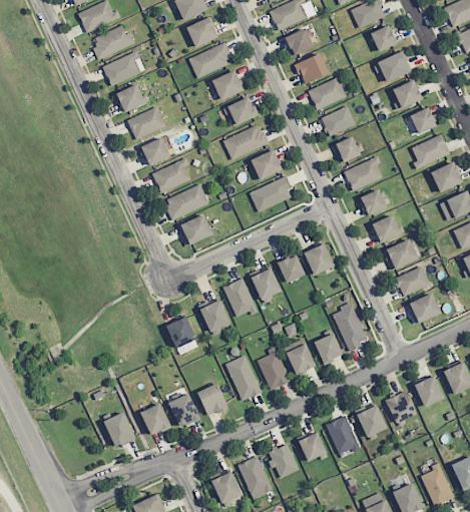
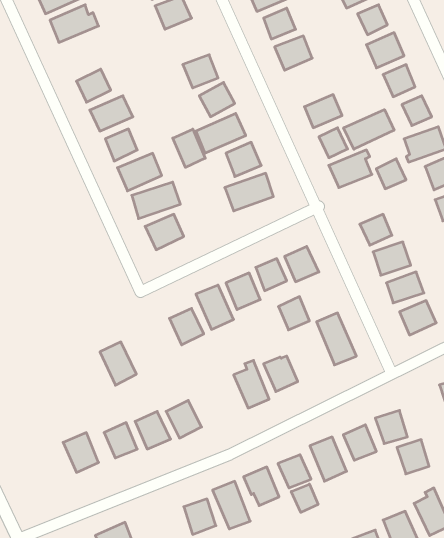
building: [189,42,231,78] -> none
building: [102,51,142,86] -> none
building: [309,77,348,110] -> none
building: none -> [344,110,394,149]
building: none -> [173,129,205,167]
building: [360,188,387,215] -> [376,159,406,189]
building: [166,317,199,356] -> [100,342,136,385]
building: [314,333,342,363] -> [278,297,309,330]
building: [225,355,262,401] -> none
building: [415,376,444,407] -> [397,440,429,474]
building: none -> [291,484,318,512]

